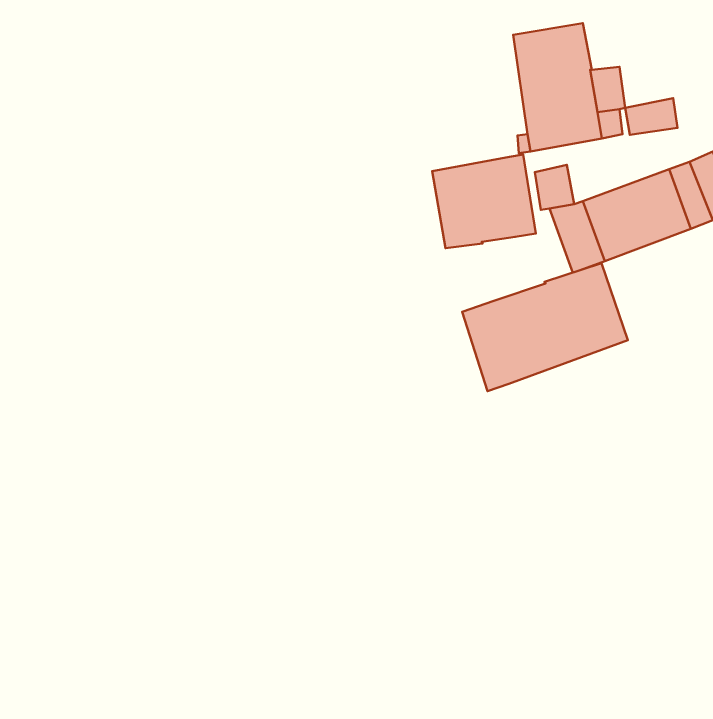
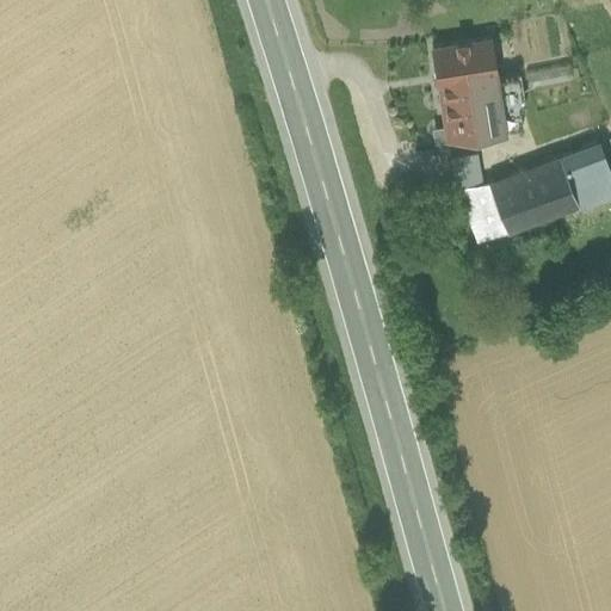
building: [625,98,678,135] -> none
building: [432,155,536,248] -> none
building: [462,263,628,391] -> none

